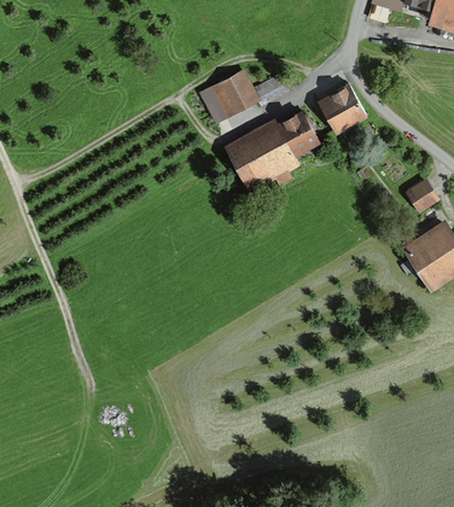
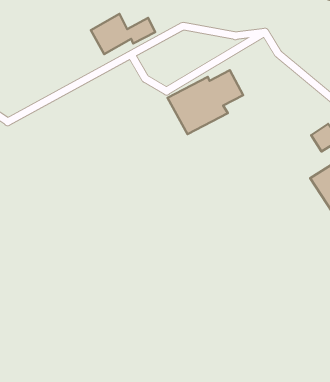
building: [206,68,287,118] -> [91,14,155,54]
building: [320,84,368,134] -> none

